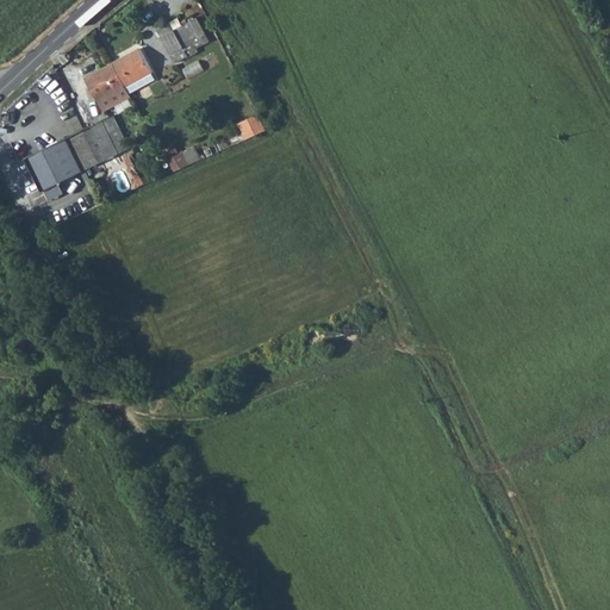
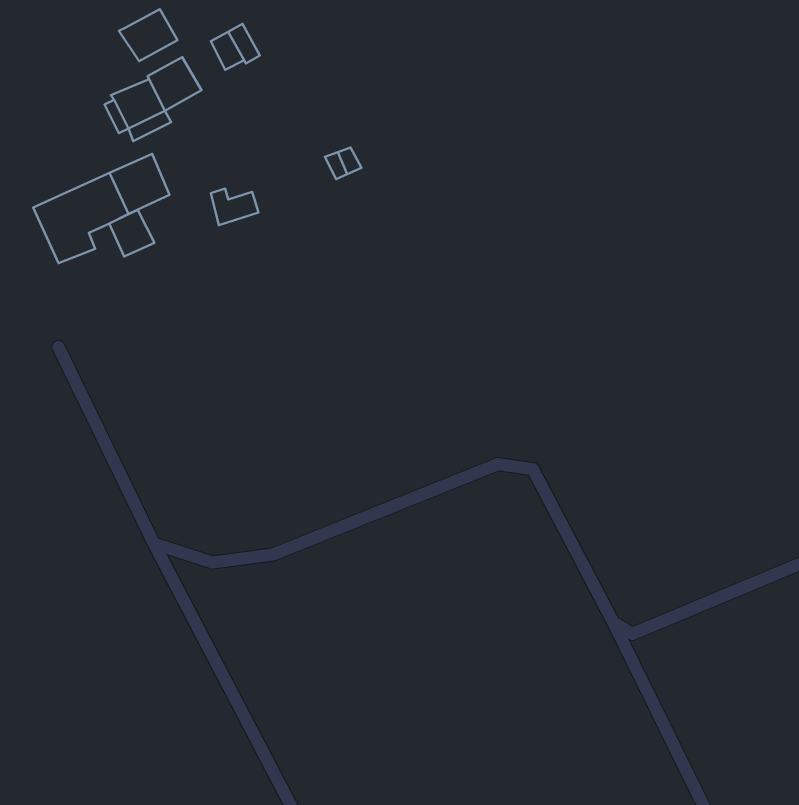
building: none -> [119,9,177,61]
building: none -> [109,210,154,257]

